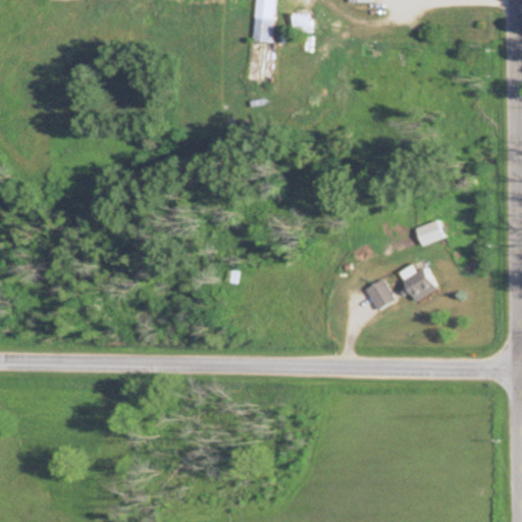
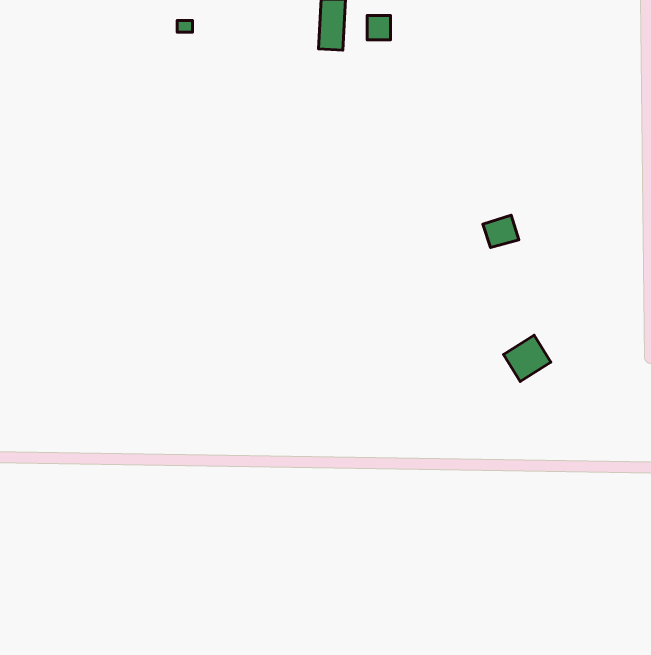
building: [415,219,443,245] -> [483,215,519,247]
building: [367,278,395,309] -> none

